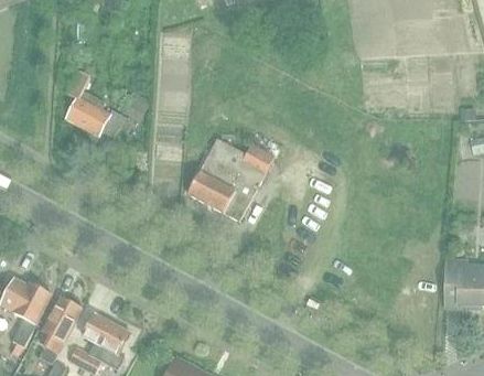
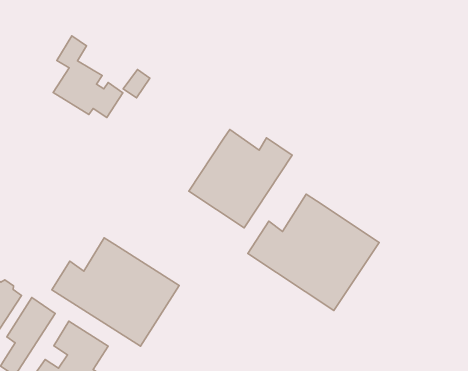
building: none -> [248,194,379,311]
building: none -> [52,238,179,346]

